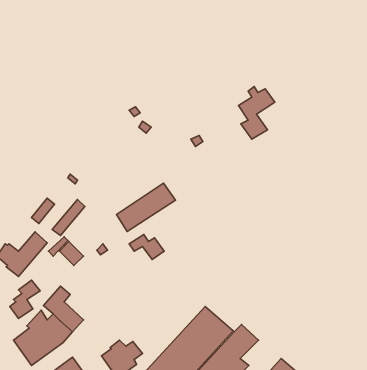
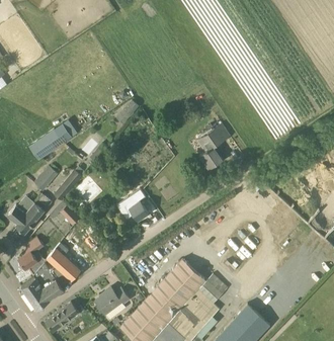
building: [238,86,275,139] -> [197,124,228,169]
building: [116,183,176,231] -> [29,119,79,160]

